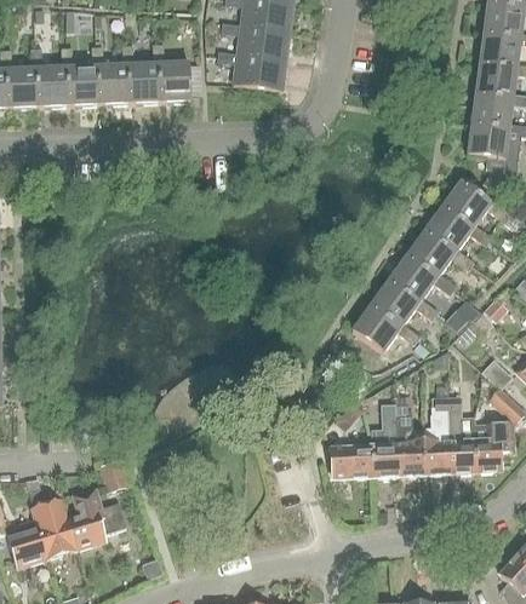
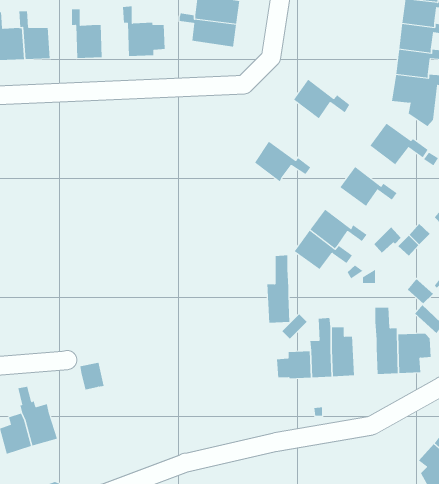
building: [121,45,159,103] -> none
building: [61,47,98,104] -> none
building: [424,206,491,253] -> [293,79,350,119]
building: [389,254,456,303] -> [254,141,311,182]
building: [422,395,450,474] -> [266,255,290,323]
building: [67,488,126,548] -> none

